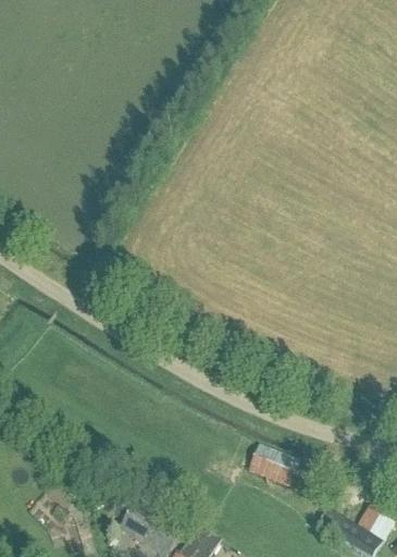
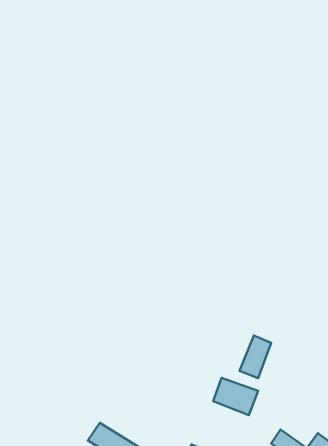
building: none -> [240,336,271,378]

